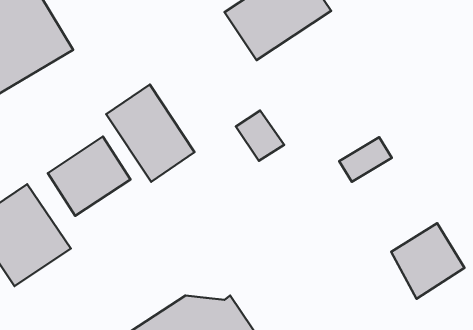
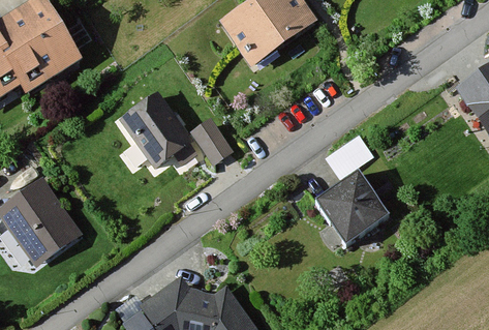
building: [236,110,284,161] -> [190,116,234,161]
building: [48,137,130,216] -> none
building: [391,223,465,299] -> [320,176,387,244]

